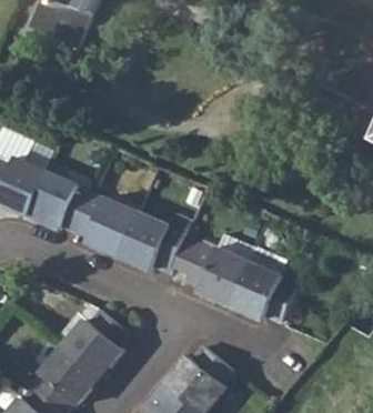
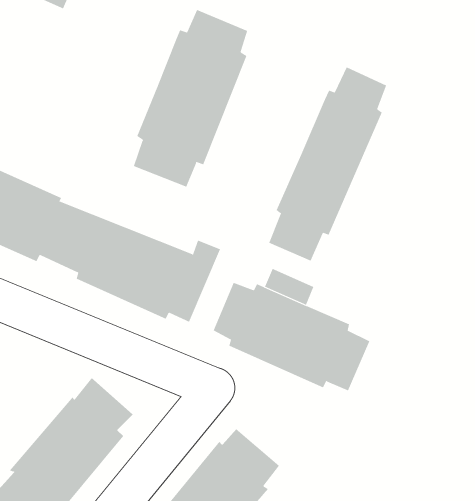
building: none -> [133,9,248,188]
building: none -> [269,66,387,262]

